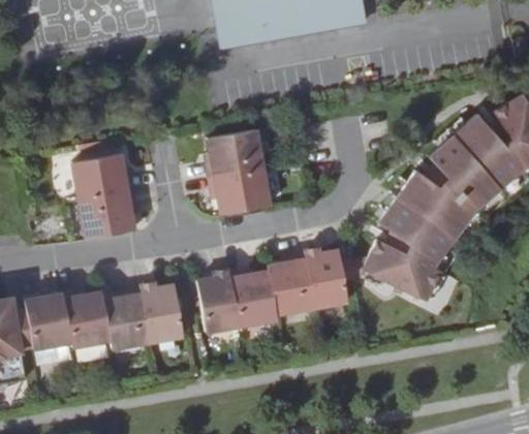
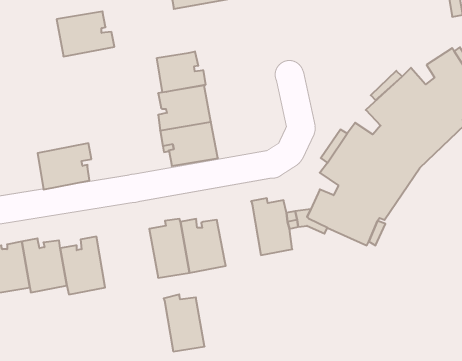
building: none -> [157,51,205,92]
building: [72,153,133,200] -> [57,11,114,56]
building: [268,254,315,314] -> none
building: [141,282,184,342] -> [164,294,205,351]

